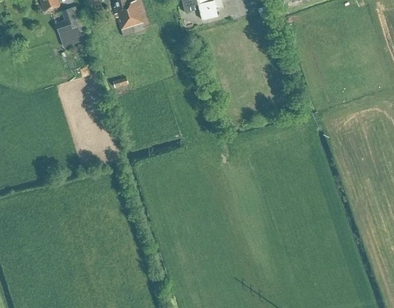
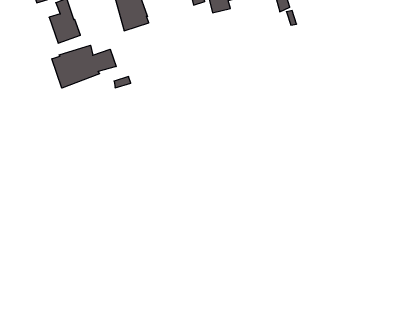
building: none -> [52,45,116,88]

